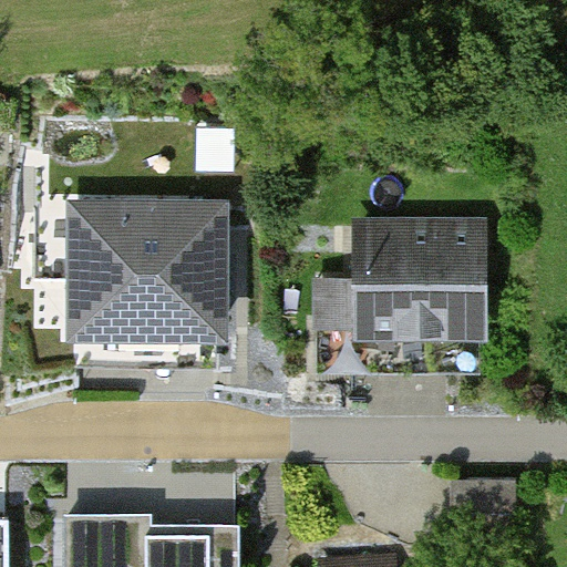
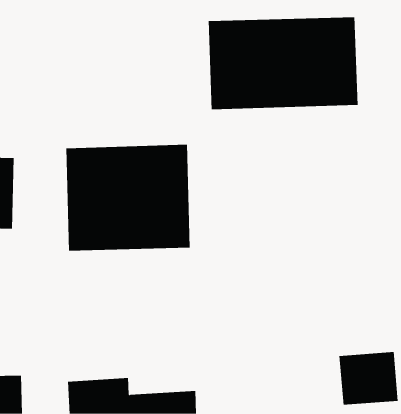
building: none -> [208,16,358,110]
building: [330,217,472,342] -> none

